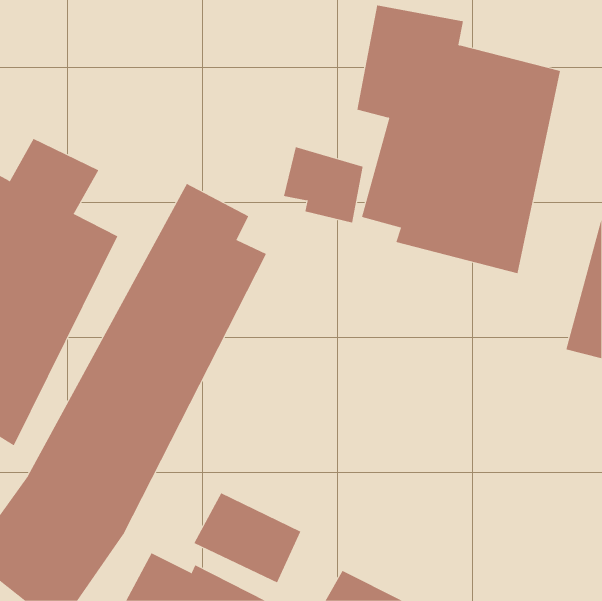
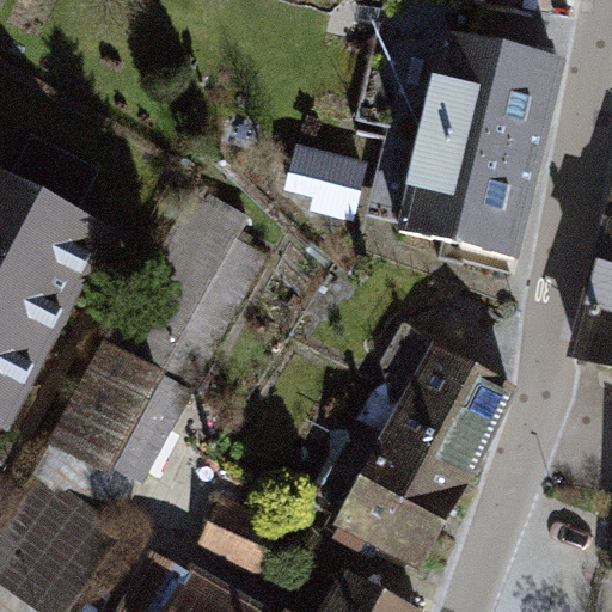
building: none -> [274,326,507,567]

